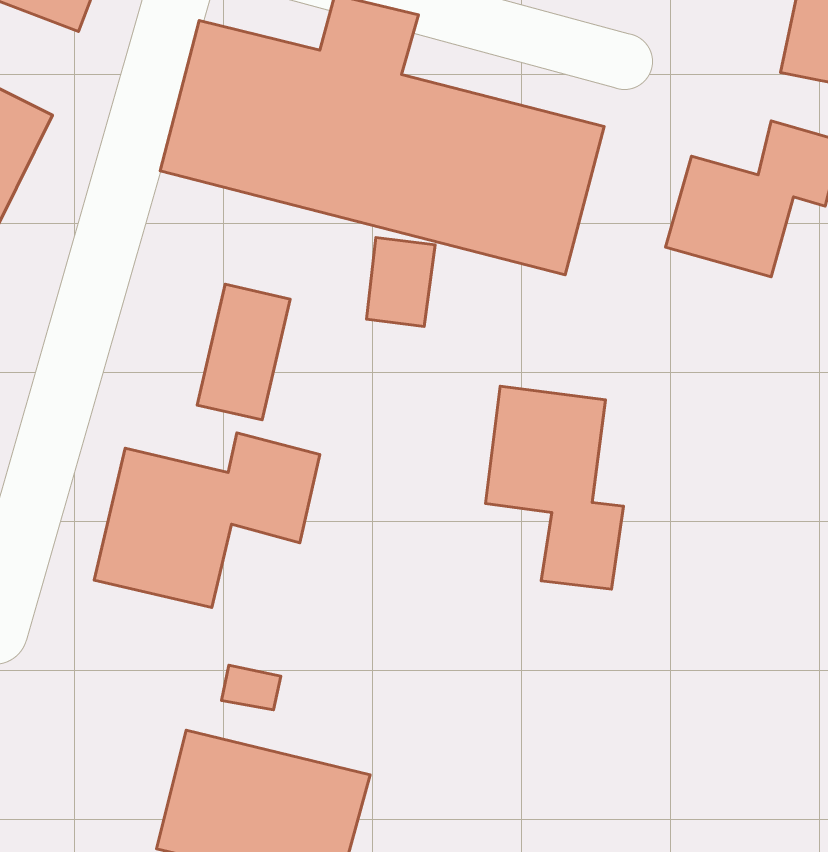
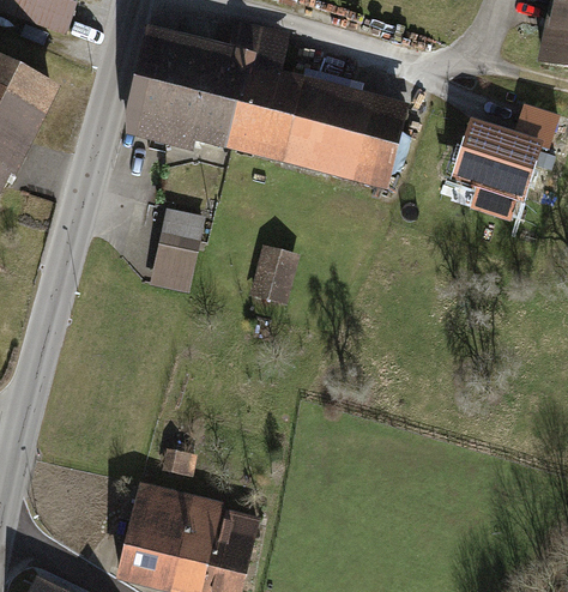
building: [366,237,435,327] -> [258,244,302,302]
building: [486,386,624,589] -> none
building: [94,433,320,607] -> none

